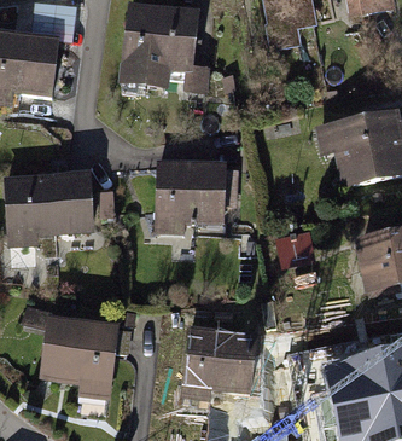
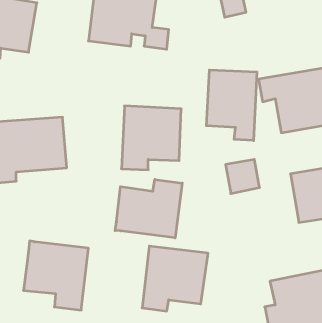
building: none -> [206,70,257,141]
building: none -> [115,179,182,238]

